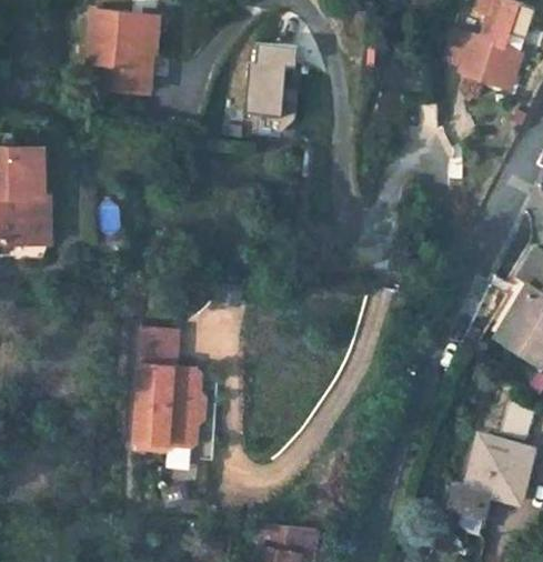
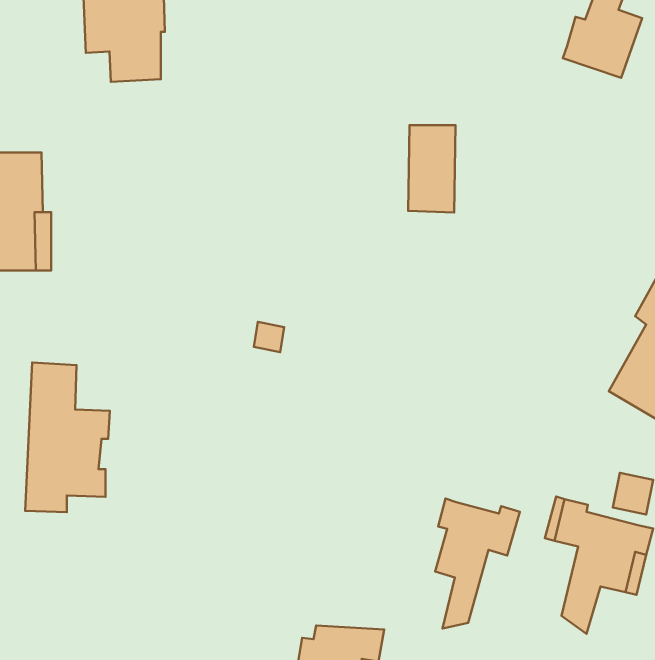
building: [247,48,284,118] -> [408,125,455,212]
building: [135,328,203,448] -> [25,362,110,512]
building: none -> [435,498,520,628]

